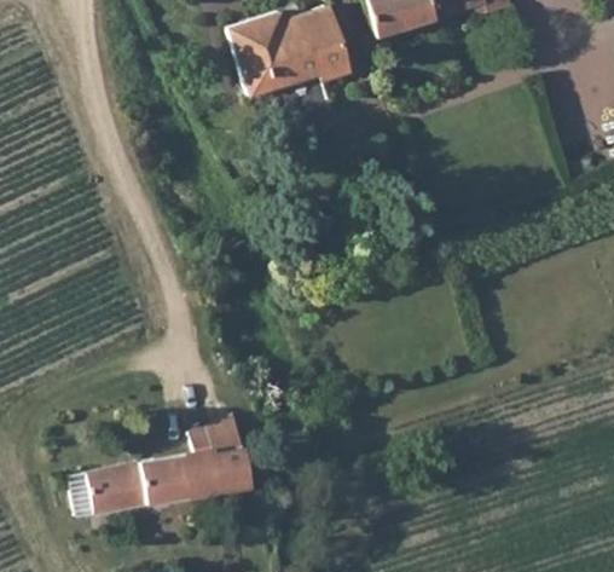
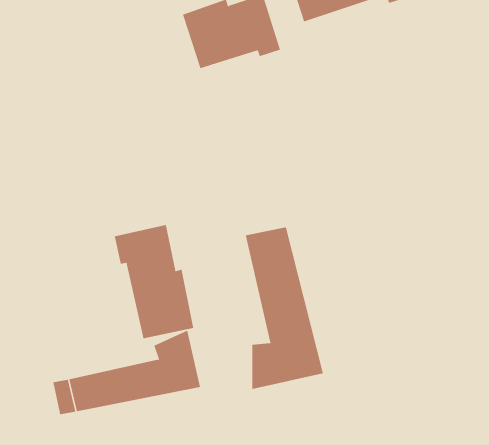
building: none -> [114,224,194,339]
building: none -> [245,226,323,390]

